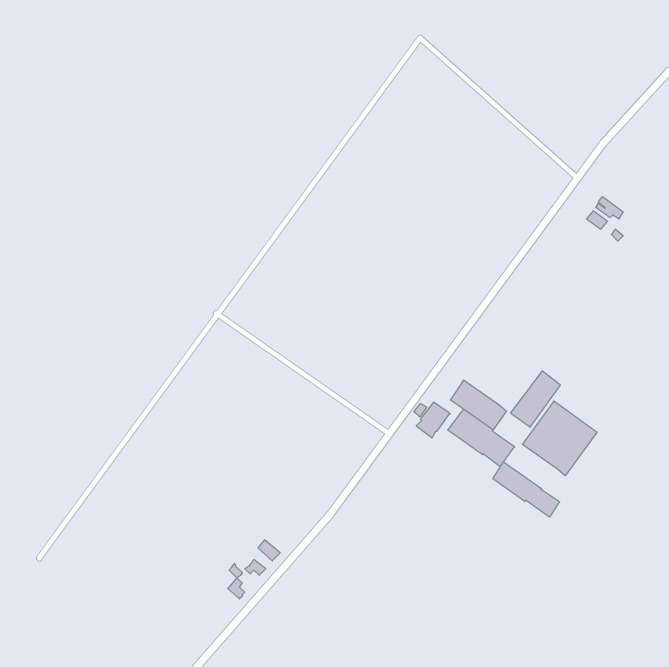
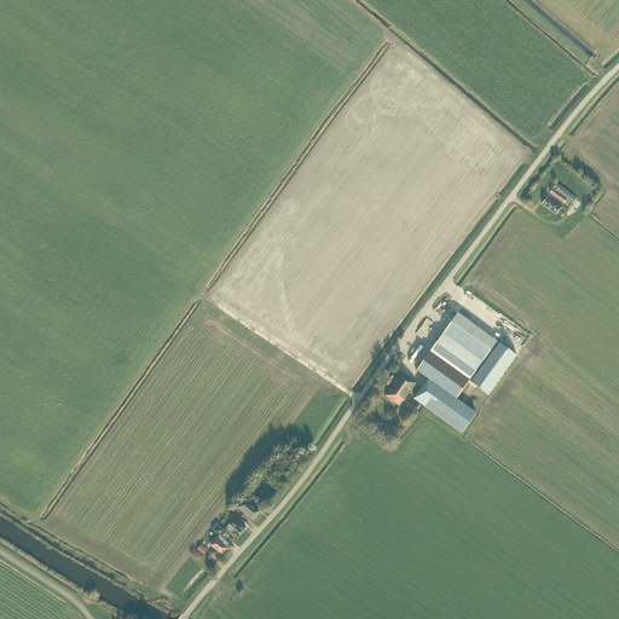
building: [522,401,597,476] -> [428,311,497,380]
building: [493,462,560,517] -> none

